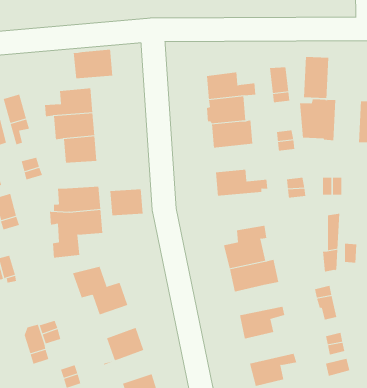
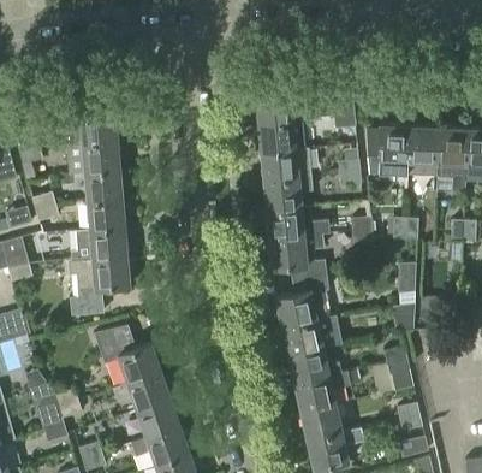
building: [73,49,113,79] -> none
building: [303,56,329,100] -> [409,125,440,177]
building: none -> [263,178,313,212]
building: [102,189,144,216] -> [76,199,126,231]
building: none -> [268,236,326,282]
building: none -> [288,348,347,384]
building: none -> [112,372,171,412]
building: none -> [300,404,361,442]
building: none -> [131,426,190,466]

